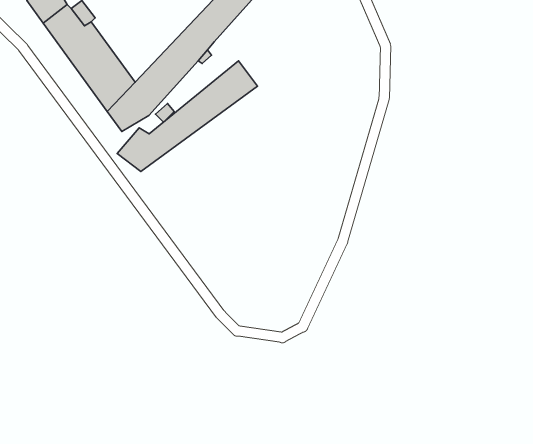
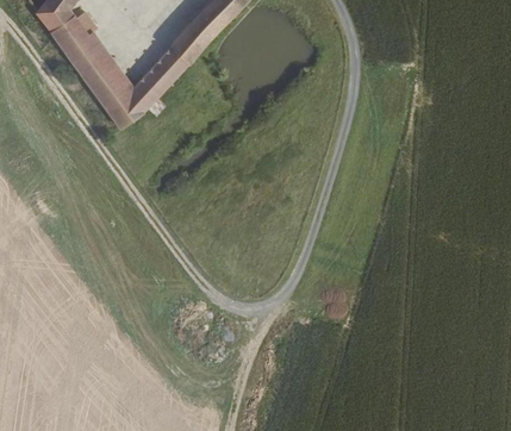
building: [117,61,257,172] -> none

